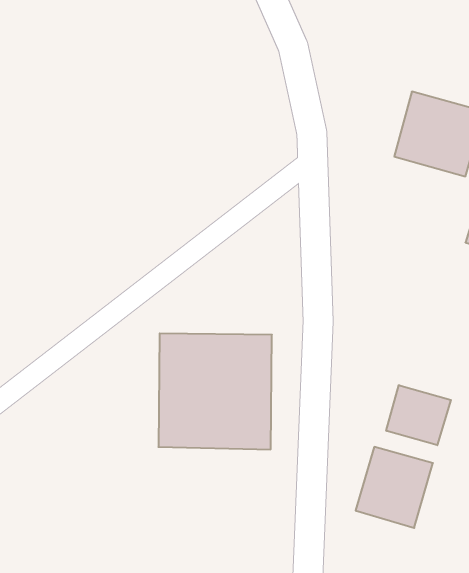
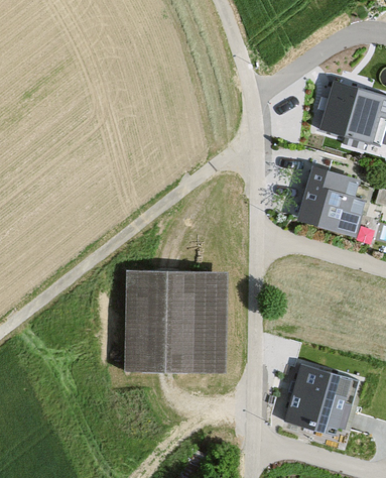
building: none -> [290,167,365,241]
building: [386,385,451,445] -> none

